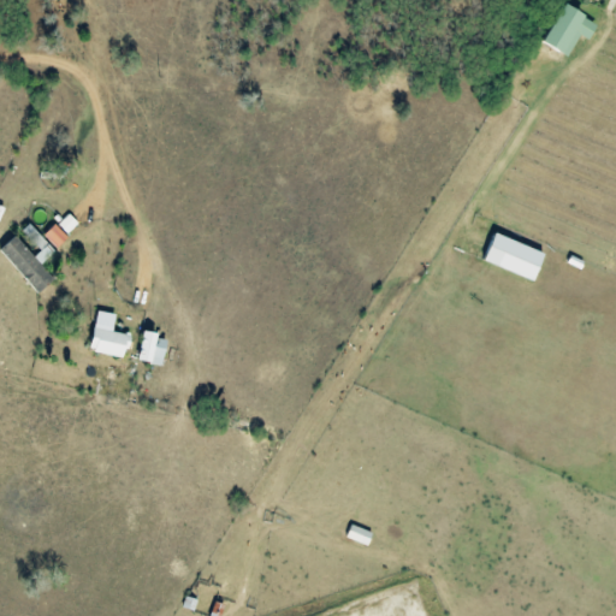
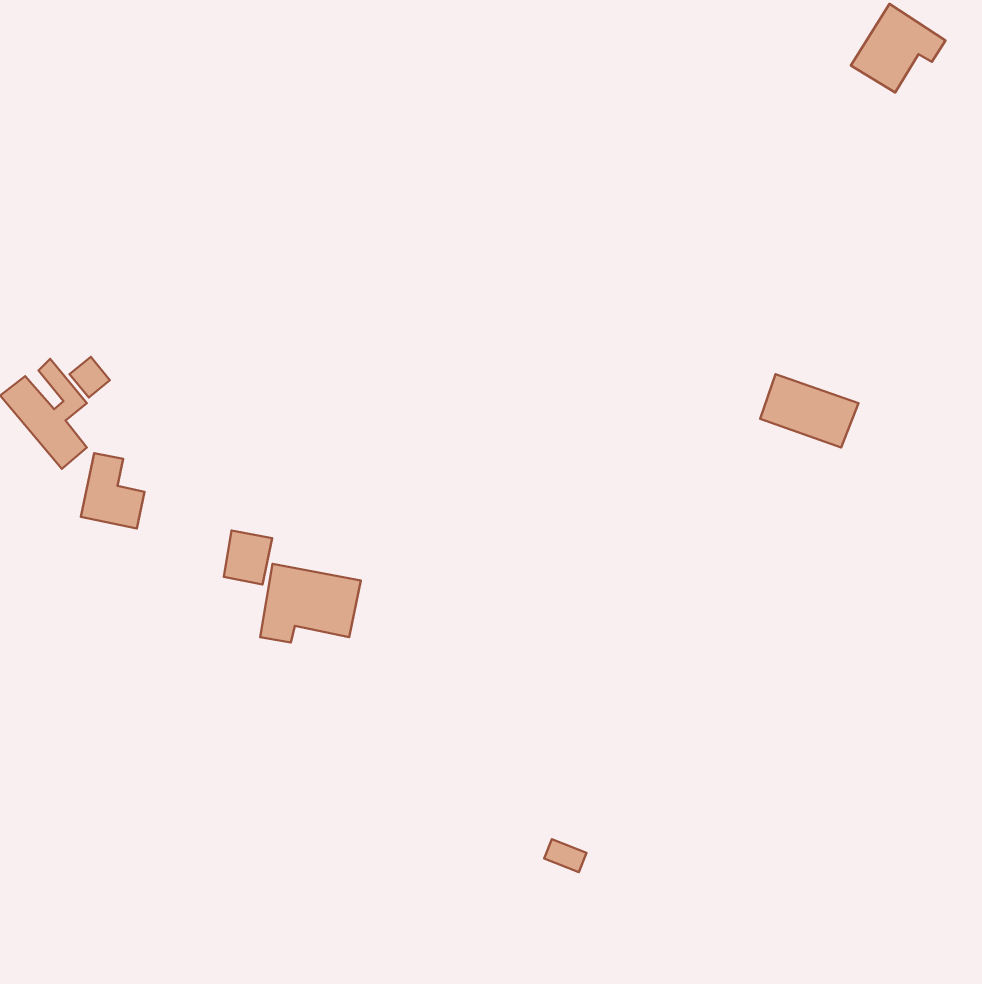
building: [93,310,132,357] -> [81,453,144,528]
building: none -> [260,564,361,643]

